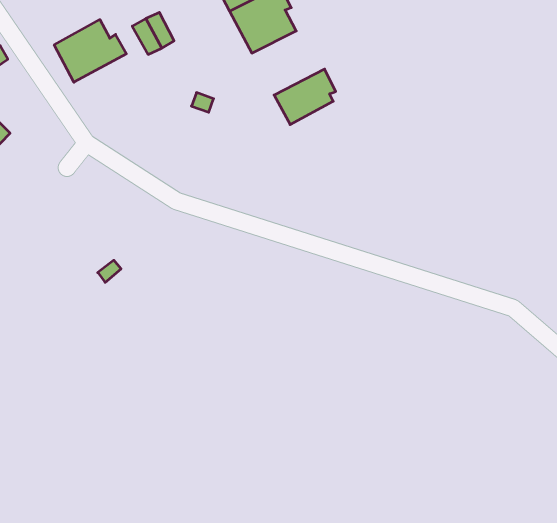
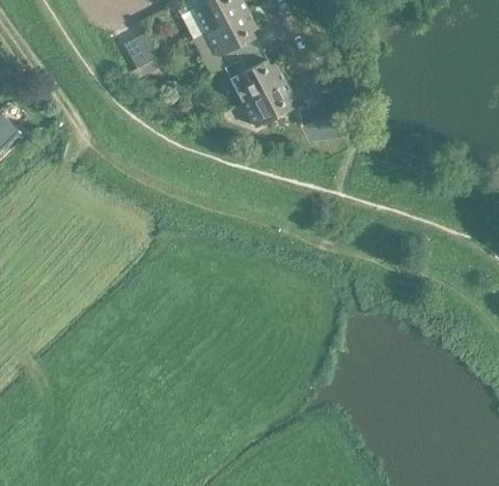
building: [54,20,126,82] -> none
building: none -> [223,48,284,102]

